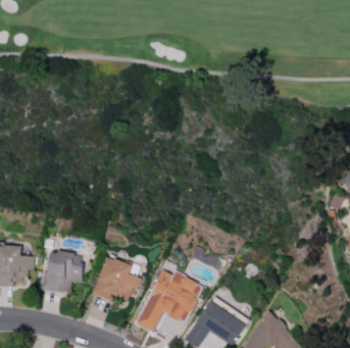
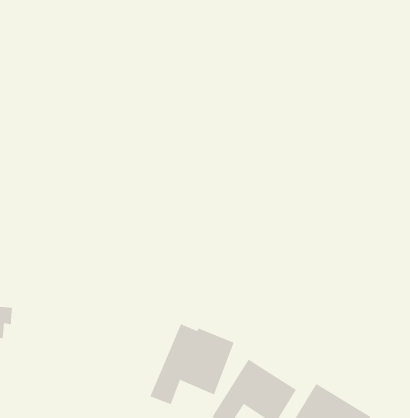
building: [41,250,85,293] -> none
building: [93,255,139,302] -> none

